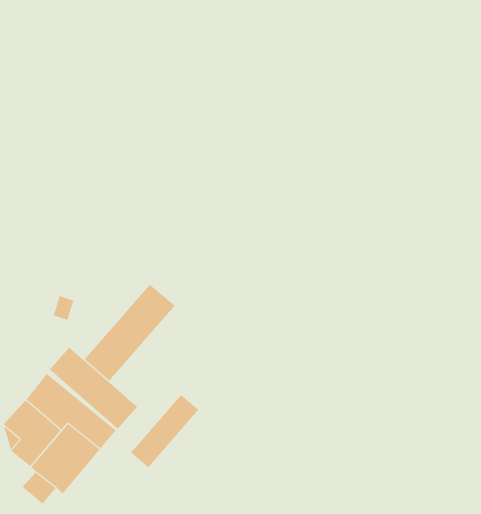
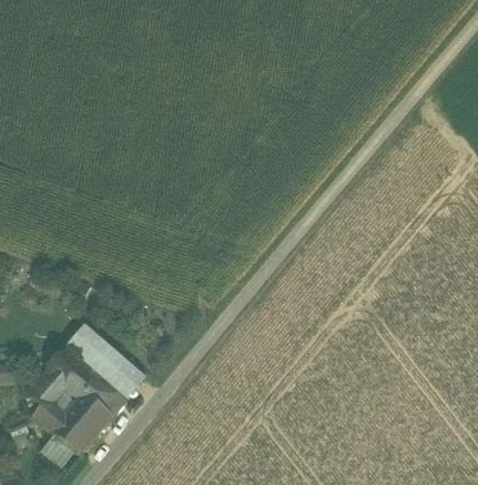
building: [84,284,175,382] -> none
building: [130,394,199,468] -> none

